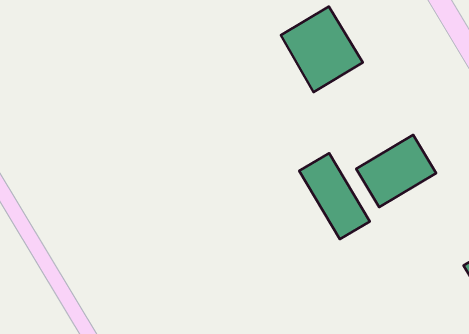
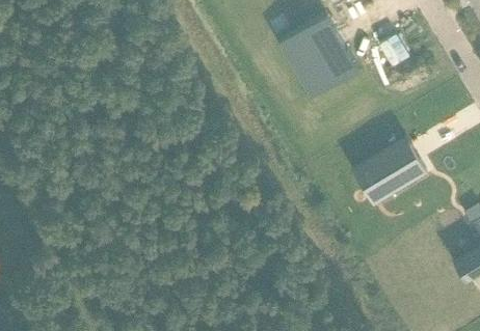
building: [299,153,370,239] -> none

